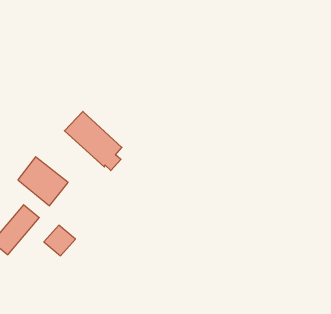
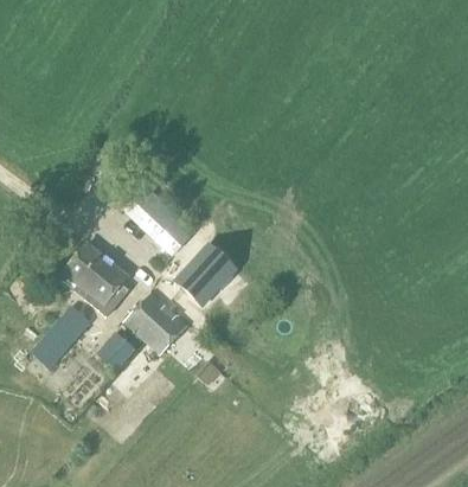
building: none -> [177,245,235,303]
building: none -> [124,293,187,354]

